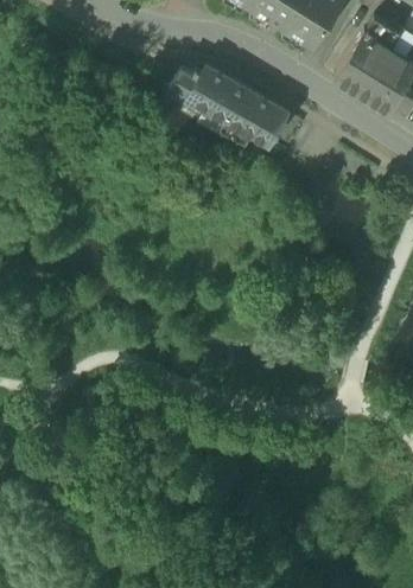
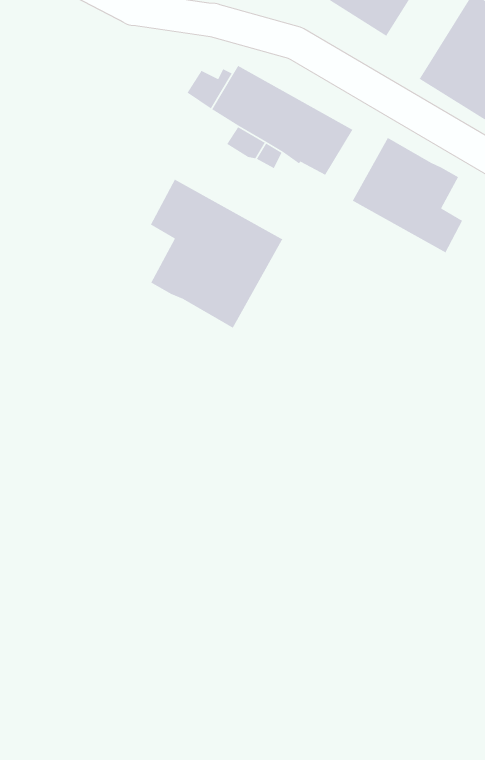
building: none -> [351,137,463,254]
building: none -> [150,178,284,329]

